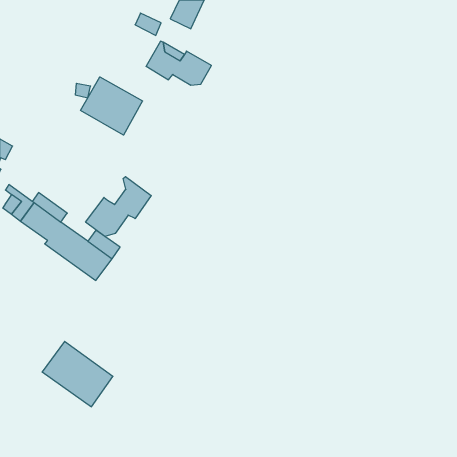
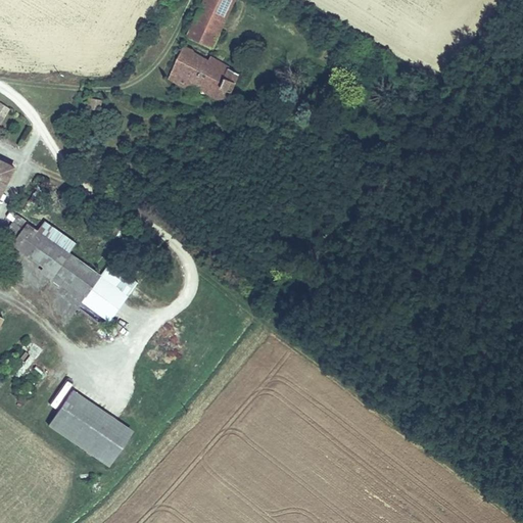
building: [135,13,161,35] -> [188,22,218,48]
building: [81,77,143,135] -> none
building: [86,177,151,237] -> none

